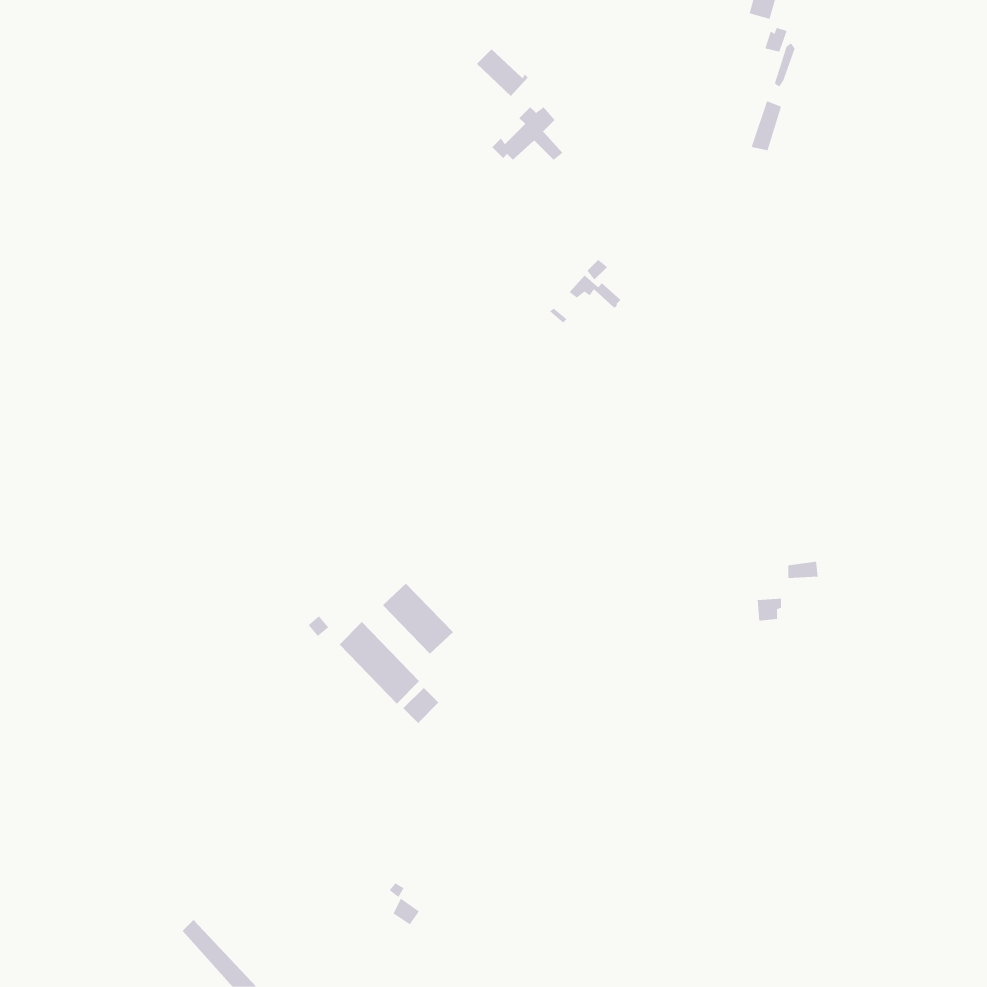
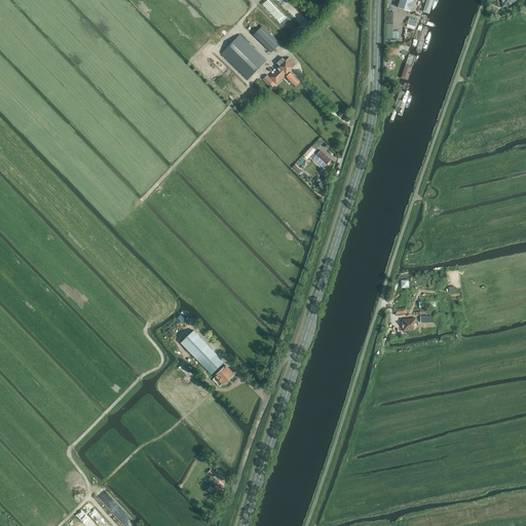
building: none -> [221,34,265,78]
building: [382,583,454,655] -> none

